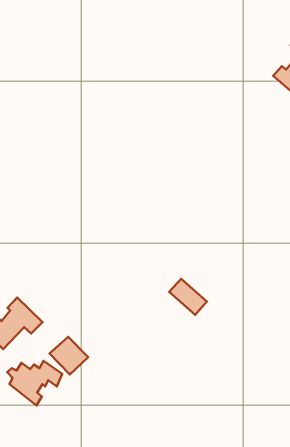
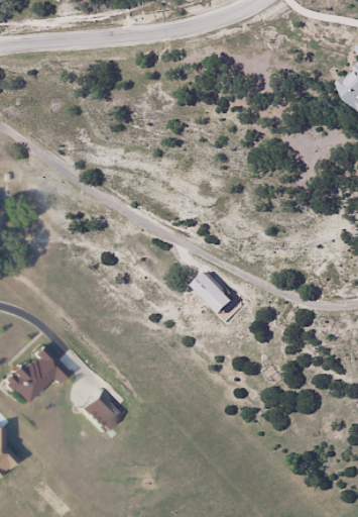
building: [169,279,207,315] -> [191,273,234,314]
building: [7,361,62,406] -> none

